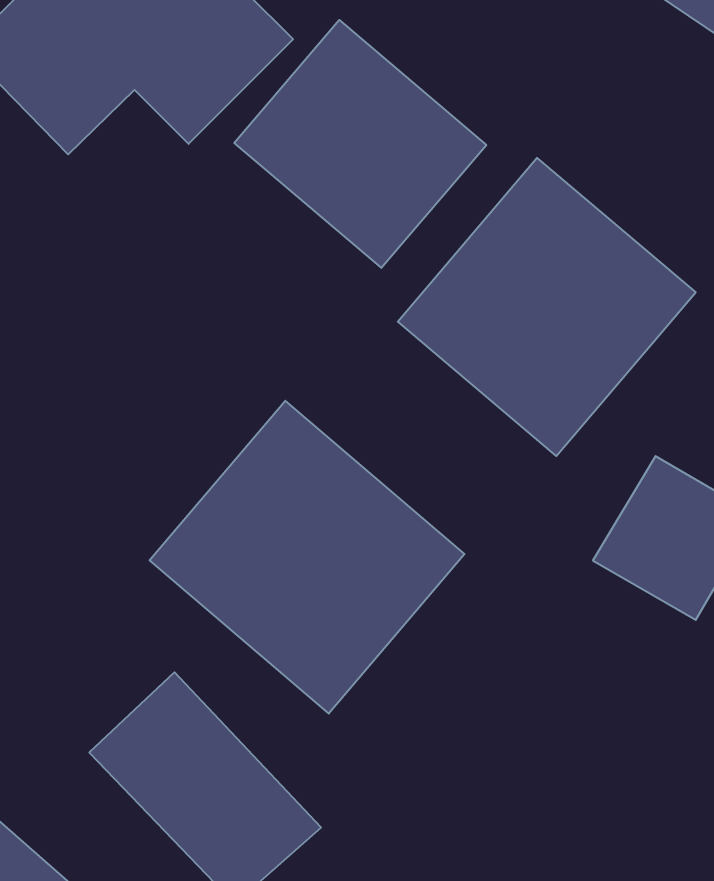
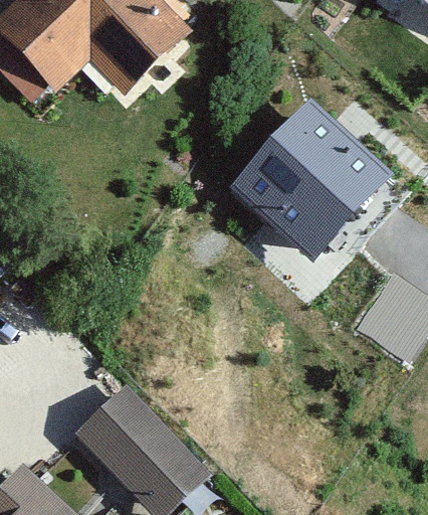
building: [234,20,486,268] -> none
building: [150,401,465,714] -> none

